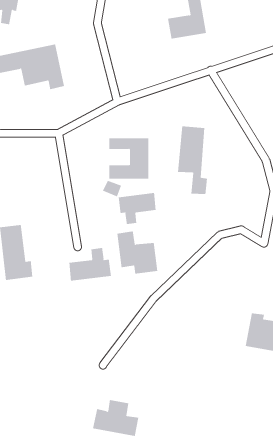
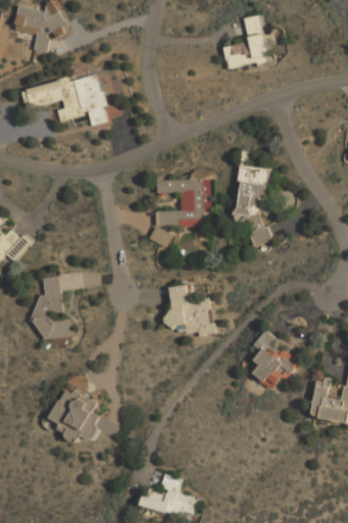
building: [118,192,156,225] -> none
building: [69,247,111,281] -> none
building: none -> [248,333,298,391]
building: none -> [49,388,100,441]

